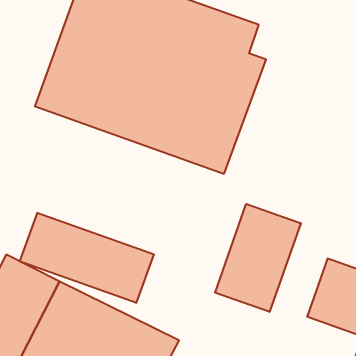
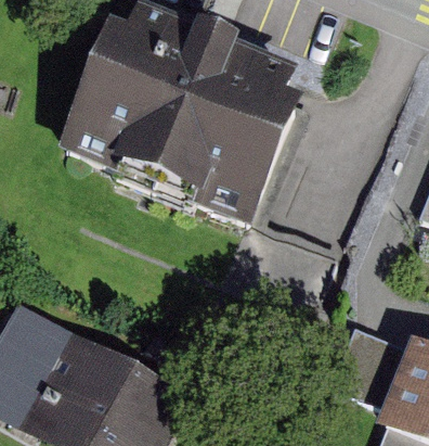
building: [215,204,301,312] -> none
building: [20,213,154,303] -> none

